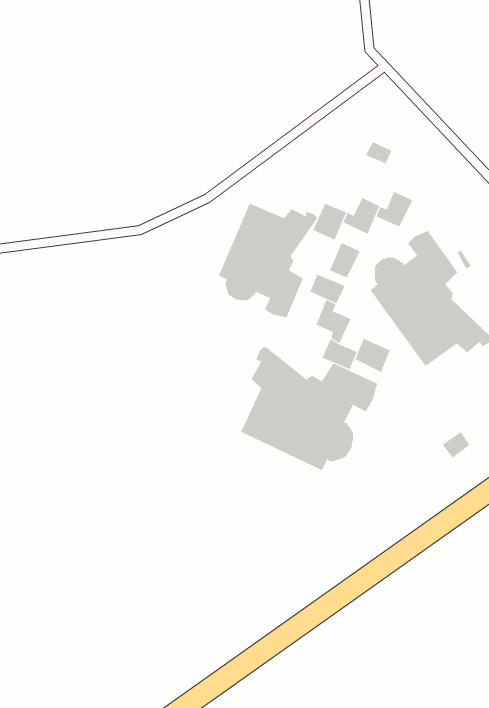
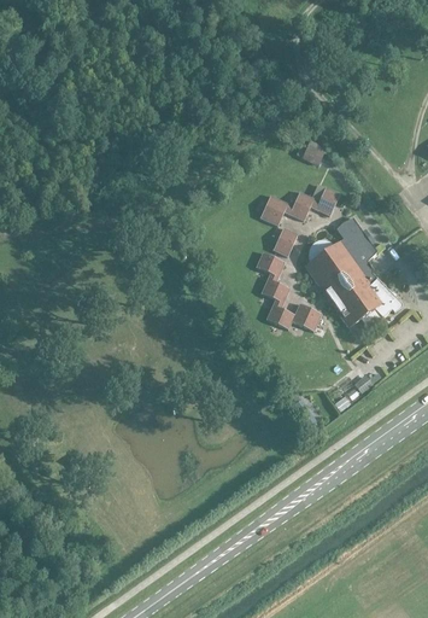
building: [218,203,318,318] -> none
building: [240,346,378,471] -> none

